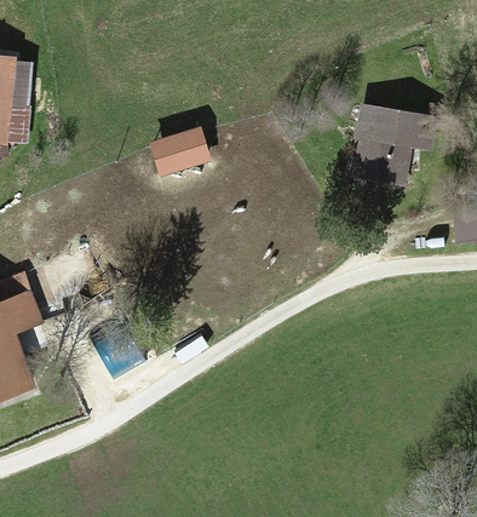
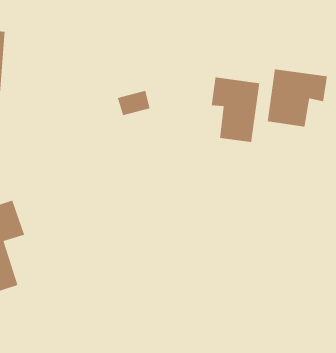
building: none -> [211,77,260,143]

